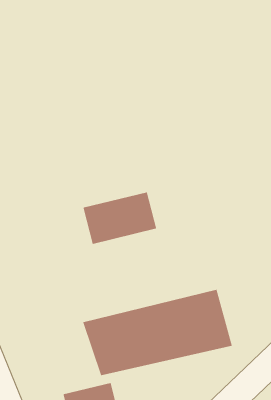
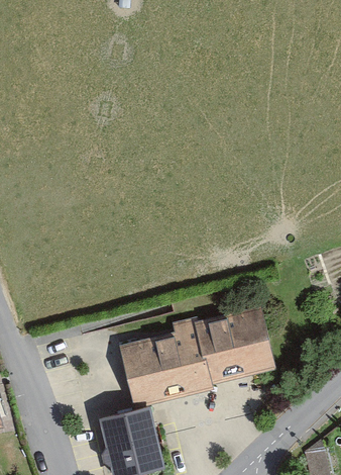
building: [83,191,157,245] -> none

